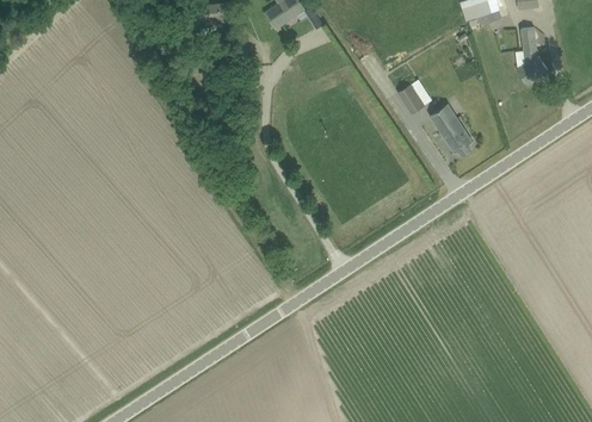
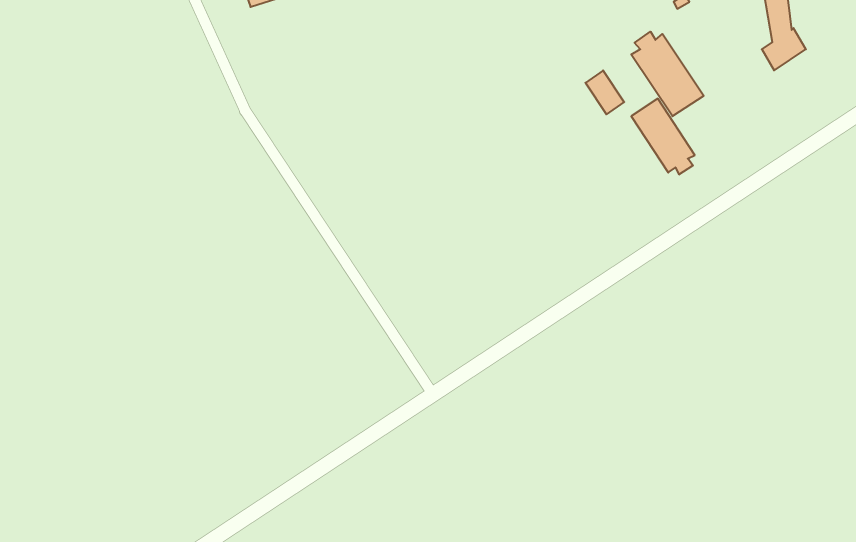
building: none -> [631,32,704,116]

